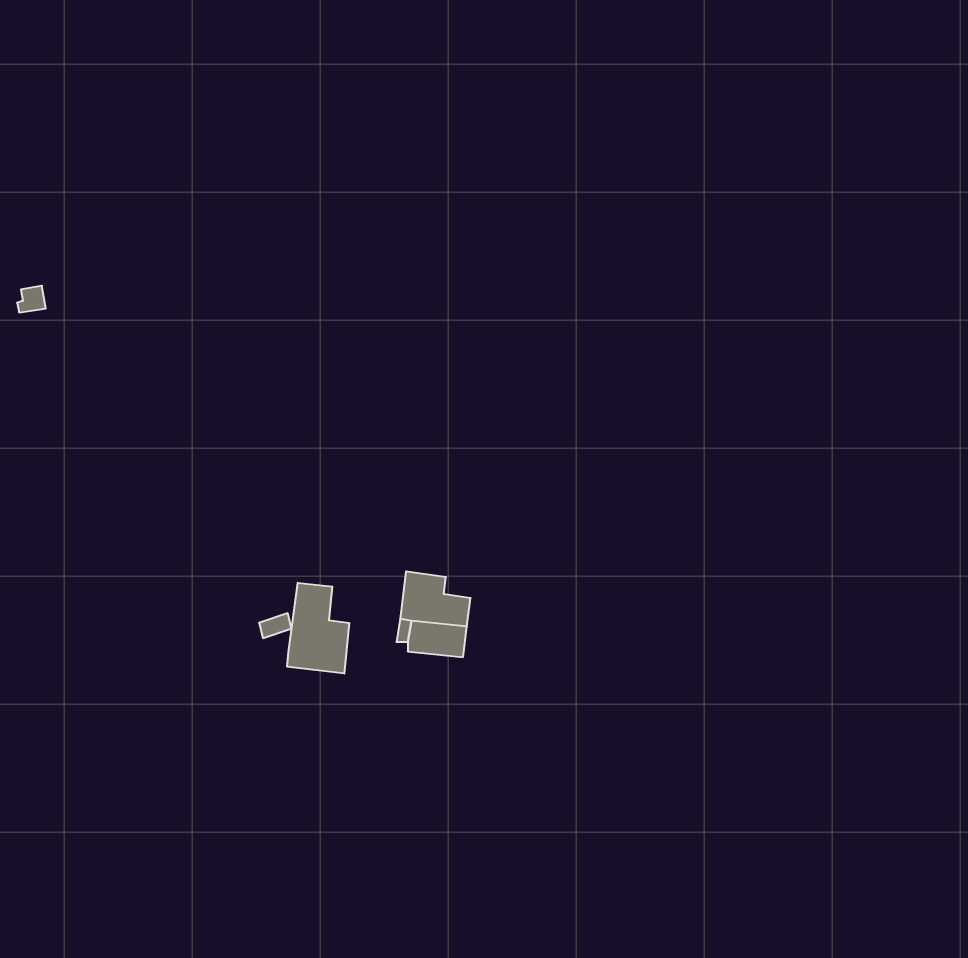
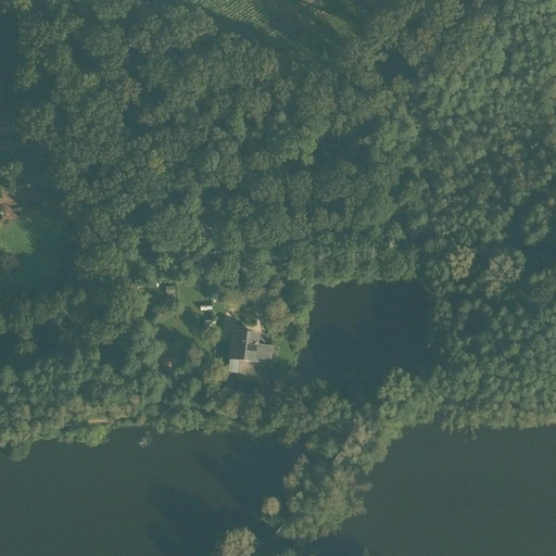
building: [287,583,349,674] -> none

